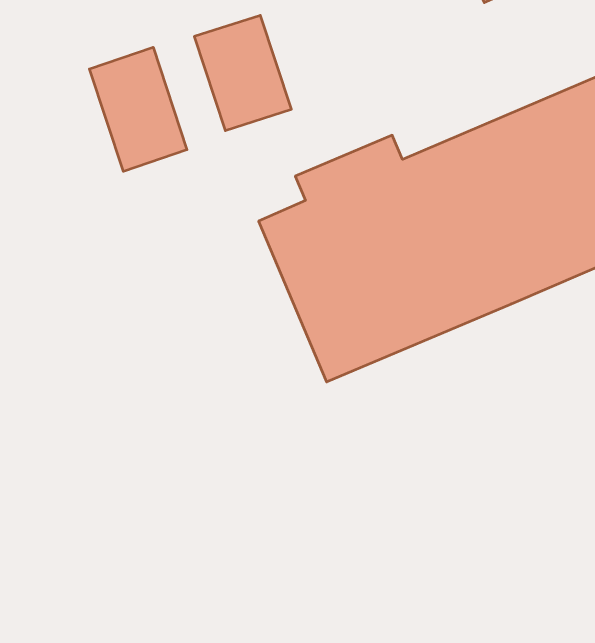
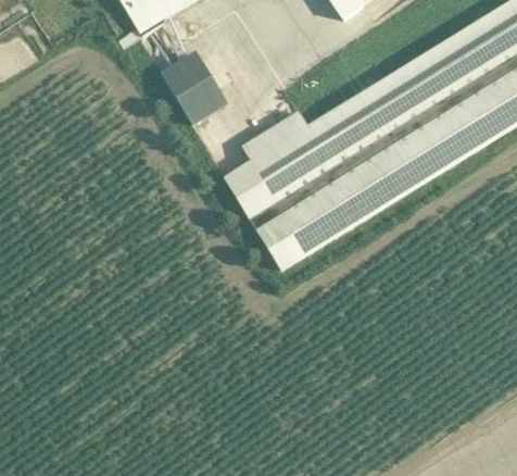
building: [89,47,187,171] -> none

